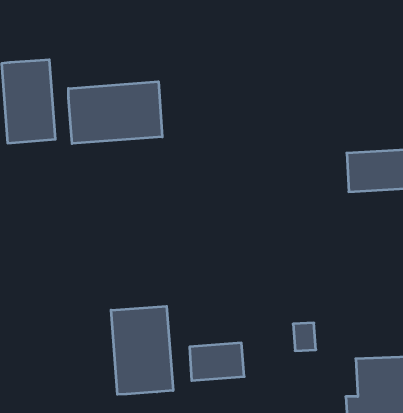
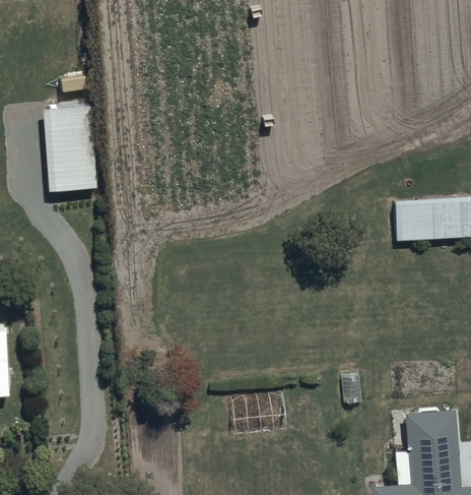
building: [68,82,162,144] -> none
building: [111,306,173,394] -> none

